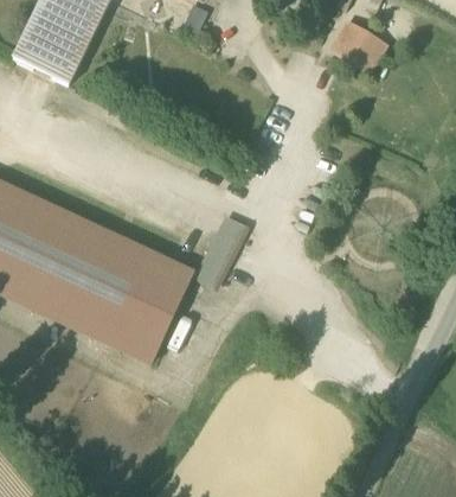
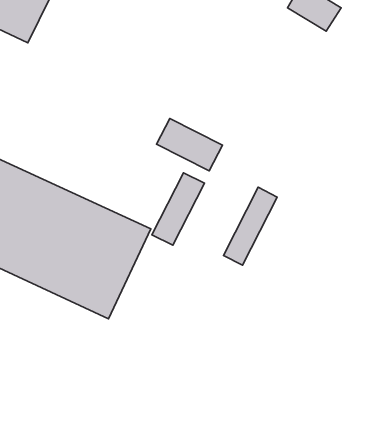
building: none -> [157,119,222,171]
building: none -> [223,187,277,265]

